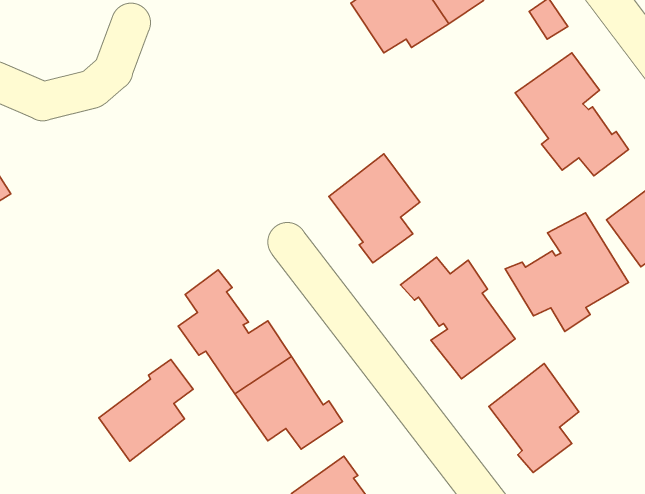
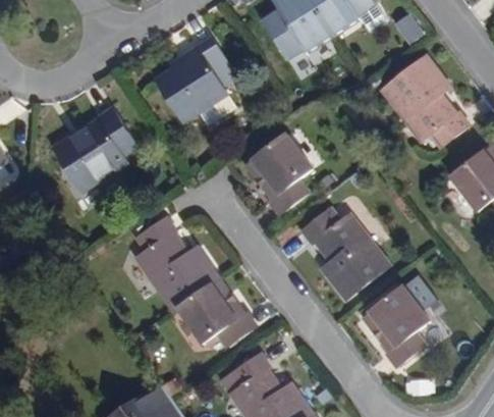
building: none -> [153,36,238,120]
building: none -> [54,109,141,194]
building: [505,213,628,332] -> none
building: [99,360,193,461] -> none

